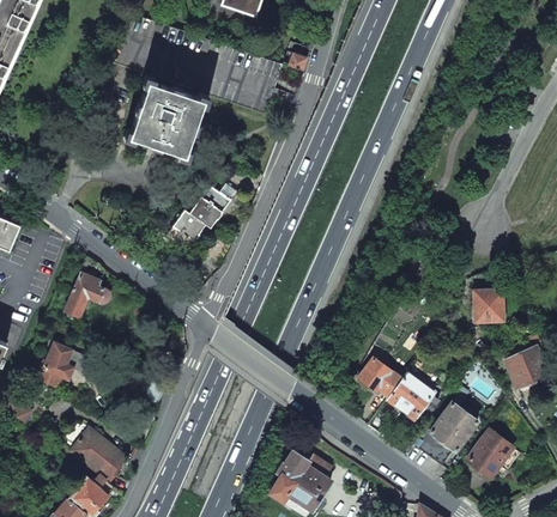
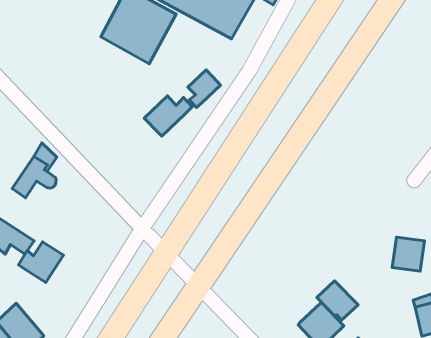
building: none -> [188,70,220,108]
building: [165,211,206,253] -> none
building: [358,358,402,397] -> [317,281,358,320]
building: none -> [19,242,63,282]

